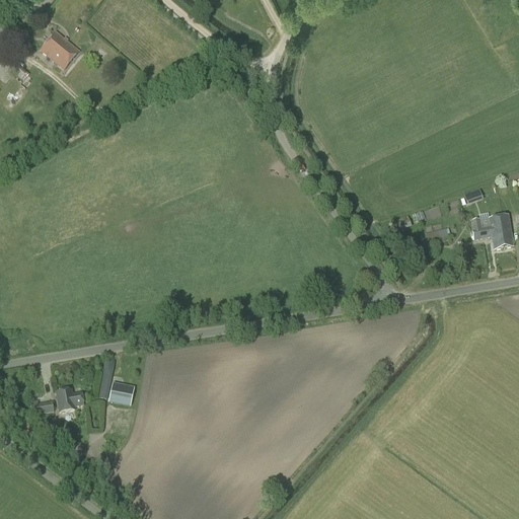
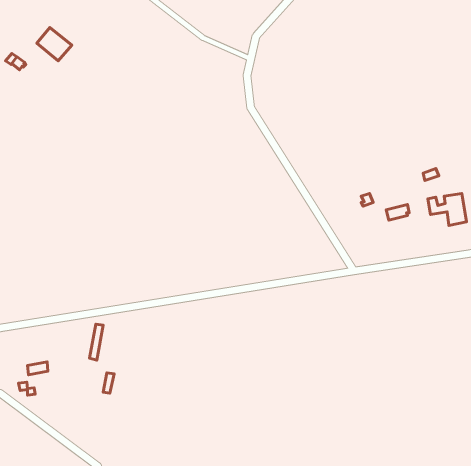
building: [108,380,134,403] -> none
building: [56,387,84,410] -> none

